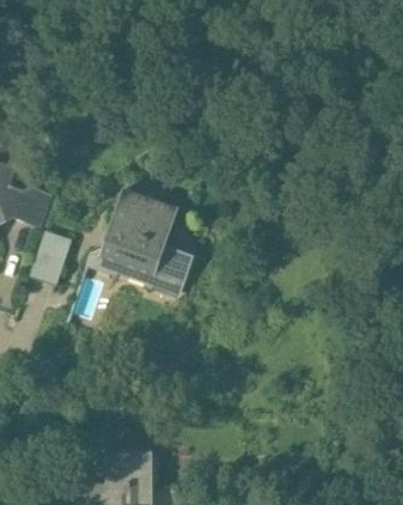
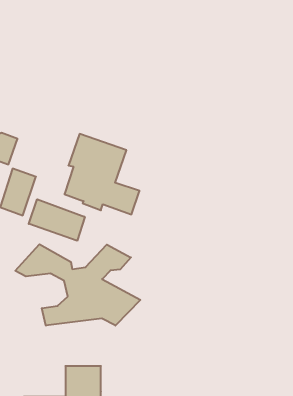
building: none -> [29,199,85,241]
building: none -> [15,244,140,326]

